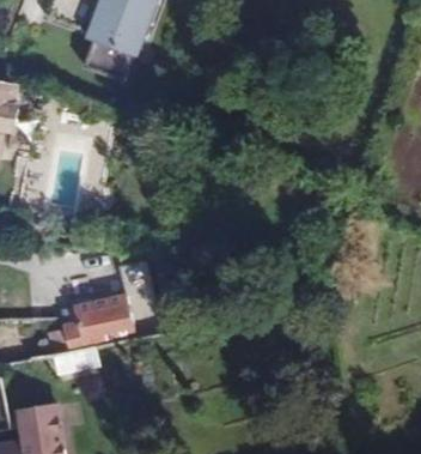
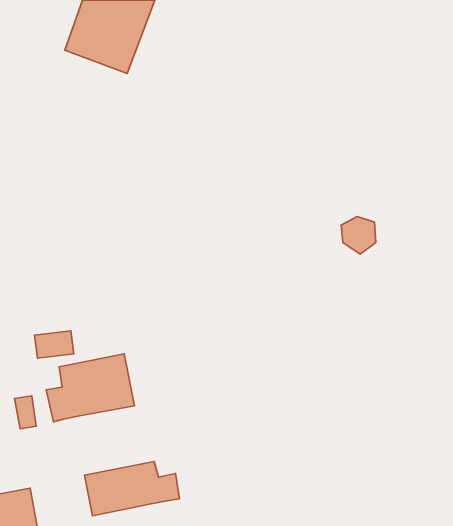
building: none -> [84,462,179,516]

